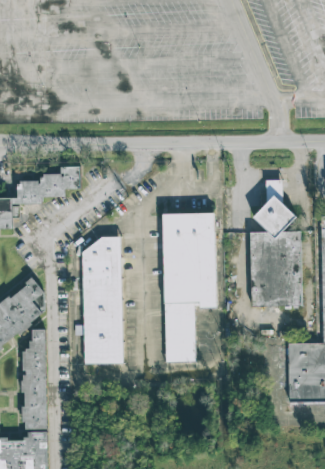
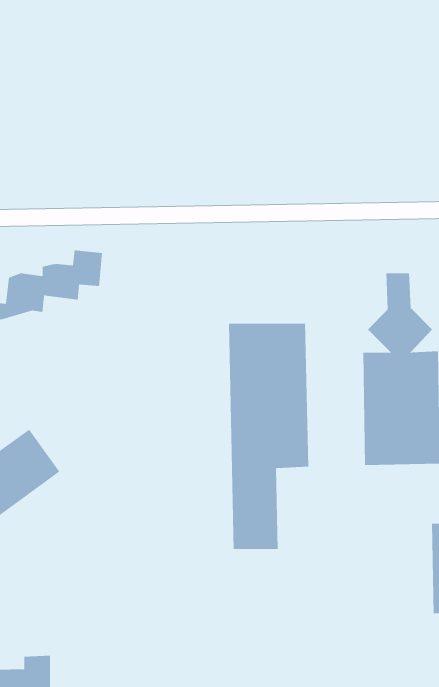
building: [82,236,122,364] -> none
building: [21,329,46,429] -> none

